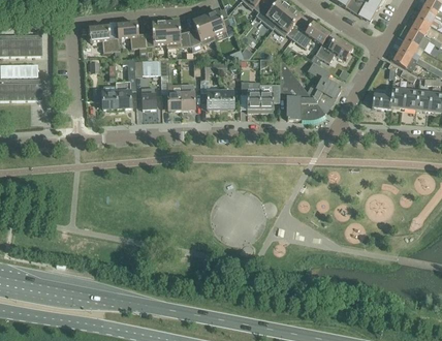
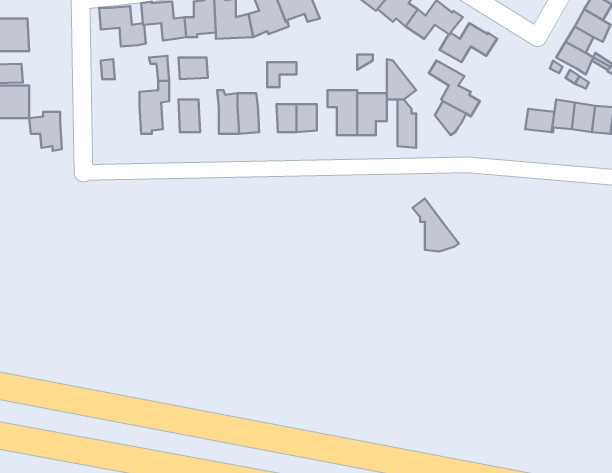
building: [291,82,322,117] -> [412,199,459,251]
building: [95,86,117,112] -> [29,112,62,151]

